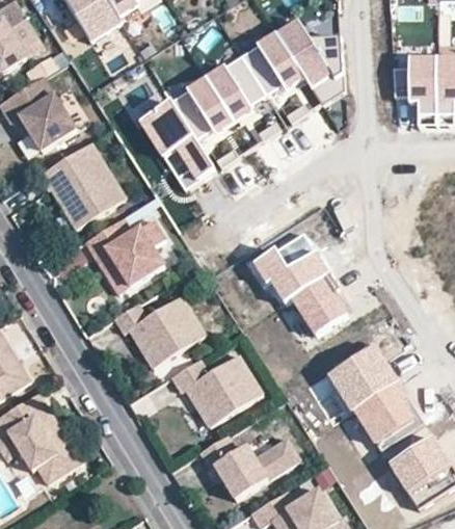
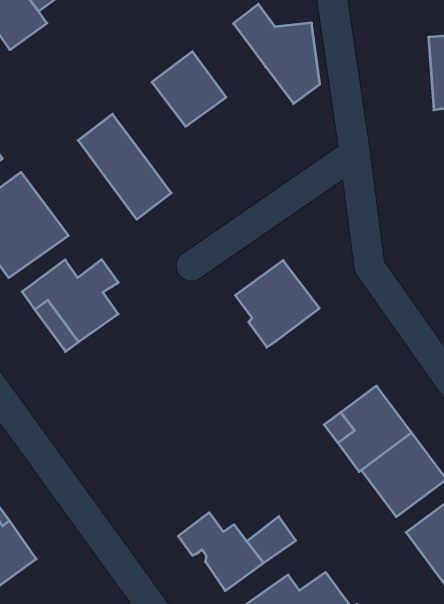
building: [240,32,299,94] -> none
building: [392,56,435,116] -> none
building: [169,77,230,138] -> none
building: [291,273,348,335] -> none
building: [114,297,205,368] -> none
building: [171,355,262,427] -> none

